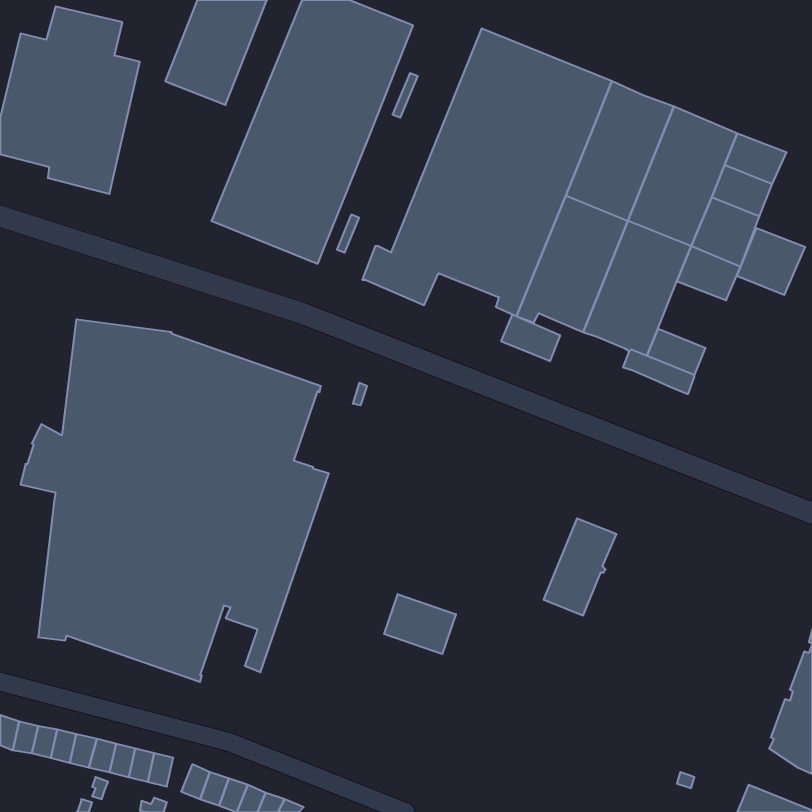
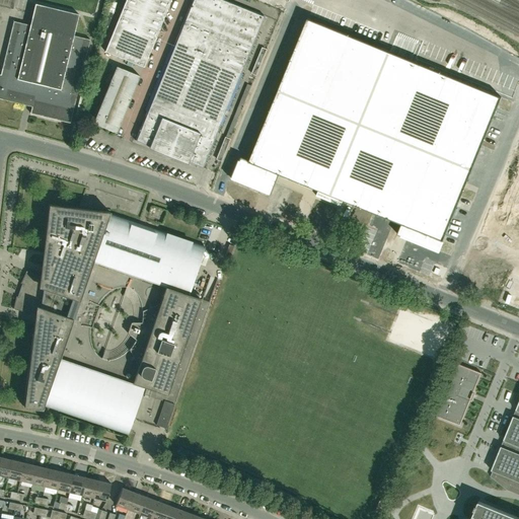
building: none -> [93,67,140,133]
building: [737,228,805,295] -> [420,179,463,222]
building: [501,315,560,361] -> none
building: [544,518,617,615] -> [435,363,481,425]
building: [384,594,456,654] -> none

